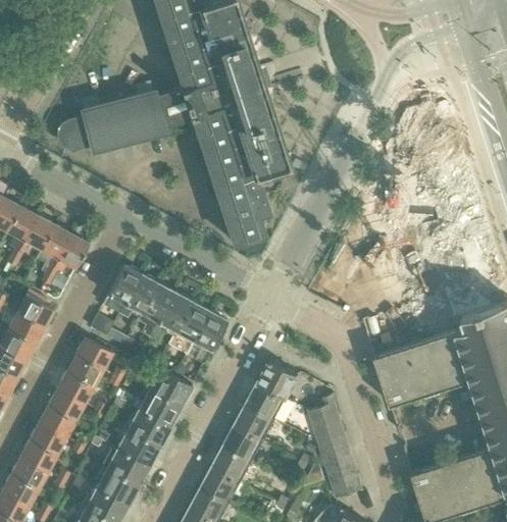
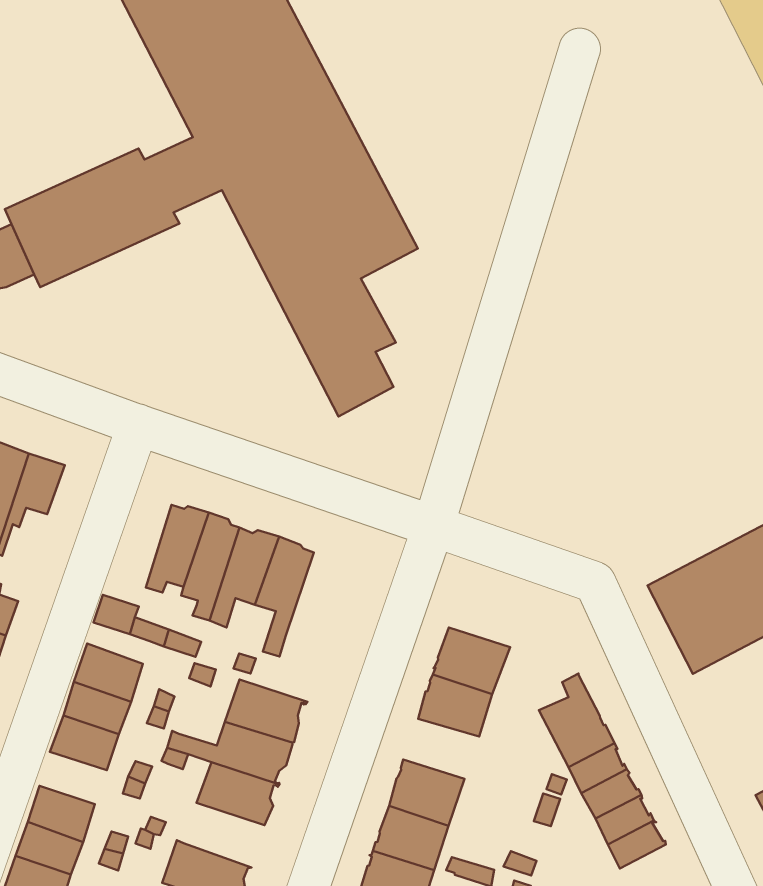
building: [101,266,139,315] -> none
building: [186,312,225,365] -> none
building: [47,390,83,421] -> none
building: [235,406,275,440] -> none
building: [115,429,158,467] -> none

